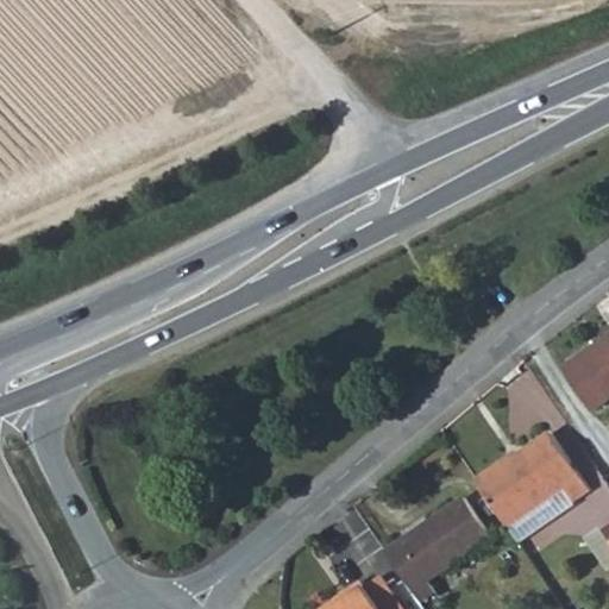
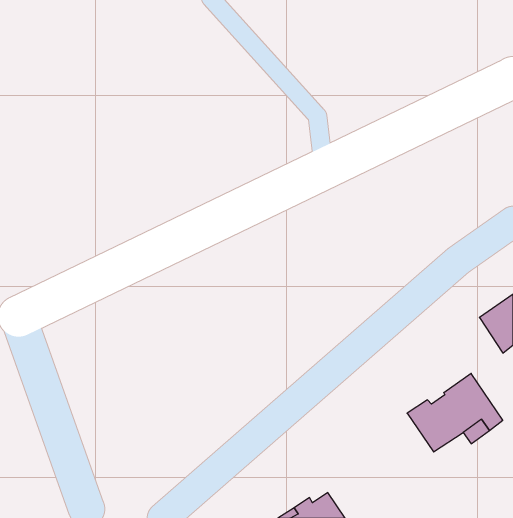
building: [382,496,488,599] -> none

